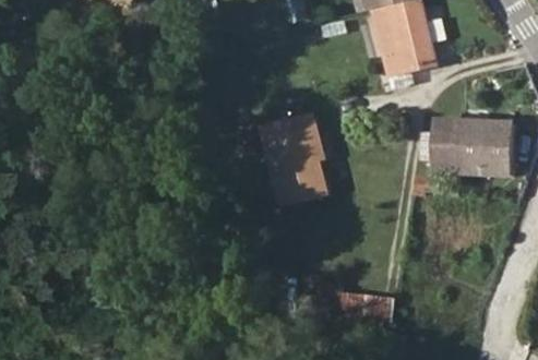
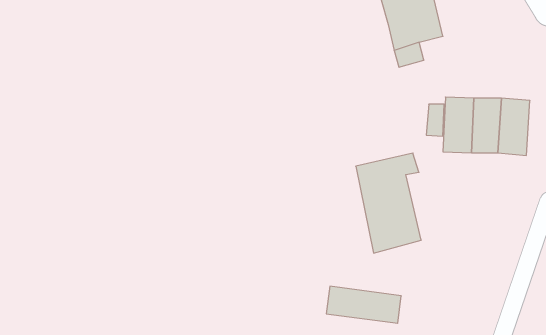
building: [266,112,326,204] -> [356,153,421,253]

